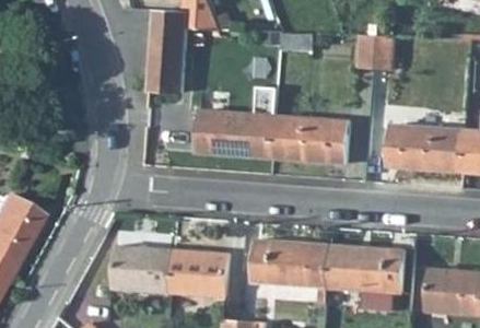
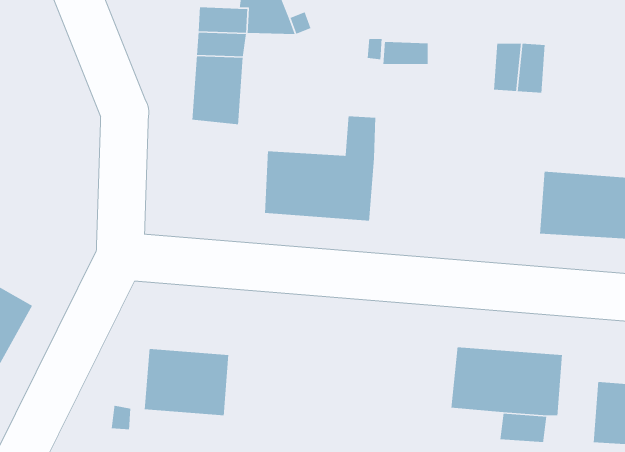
building: [271,115,348,164] -> none
building: [254,239,330,304] -> none
building: [171,250,229,296] -> none

